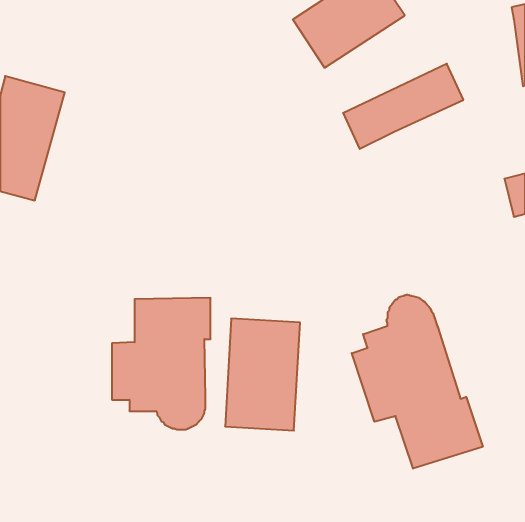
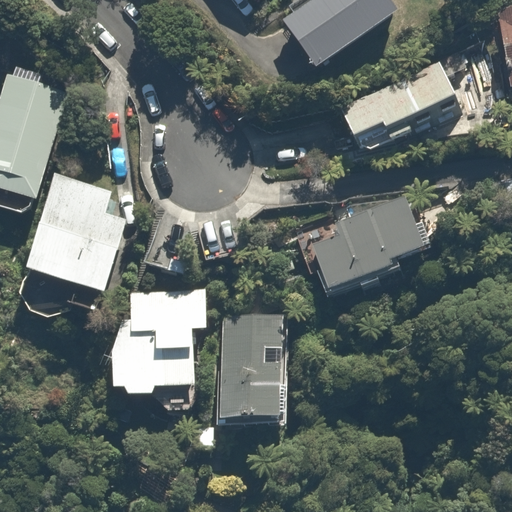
building: none -> [19,173,124,320]
building: none -> [311,193,424,290]
building: [352,294,483,469] -> none

